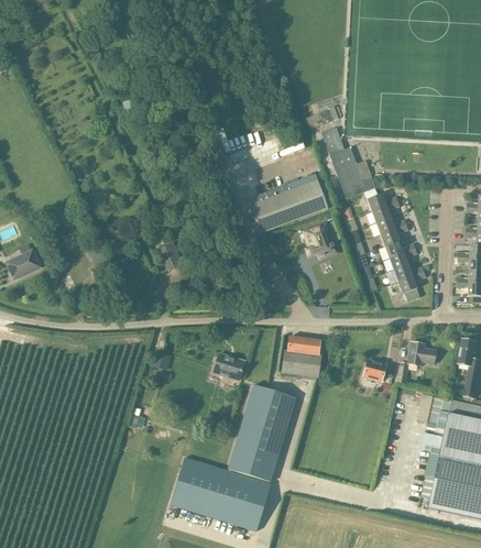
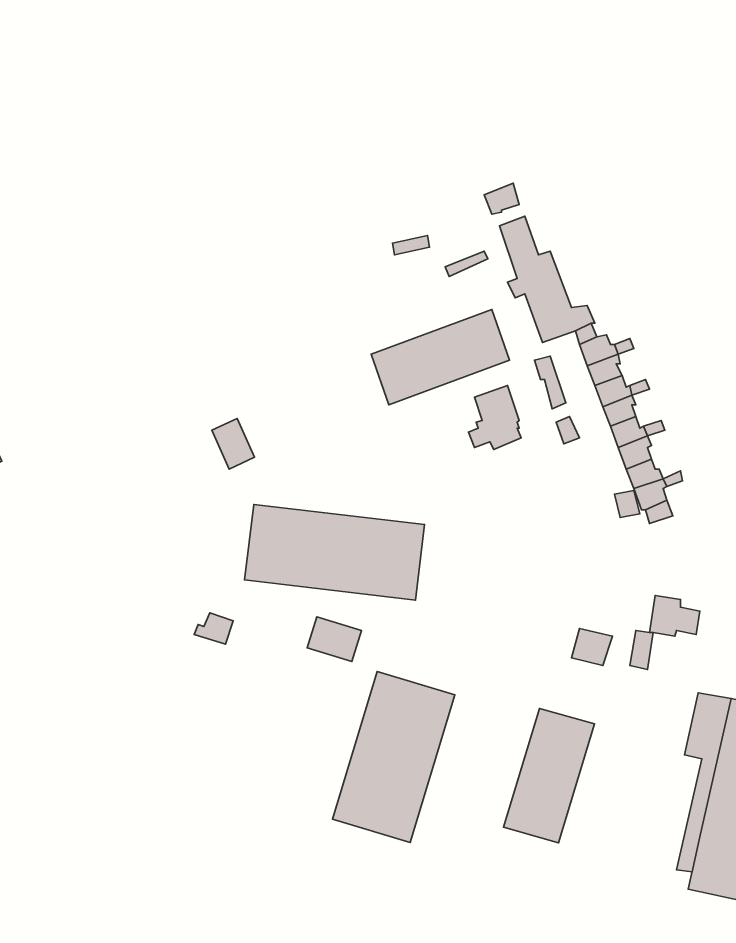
building: none -> [245,505,425,600]
building: [281,336,320,377] -> none
building: none -> [504,708,595,843]
building: [171,458,271,530] -> none

